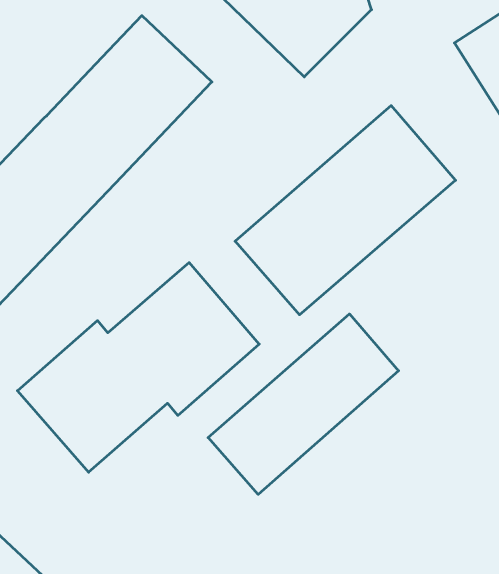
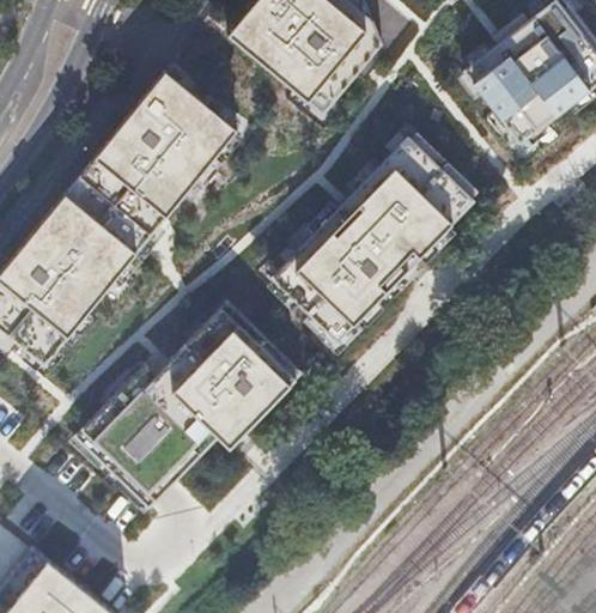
building: [208,314,399,494] -> none

